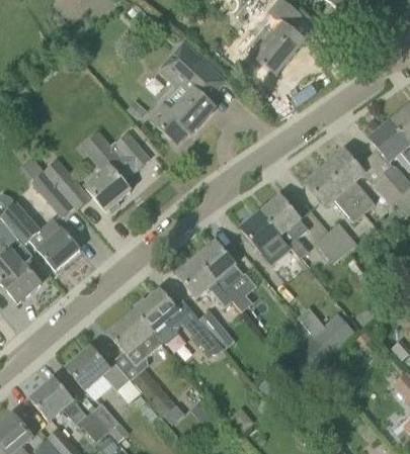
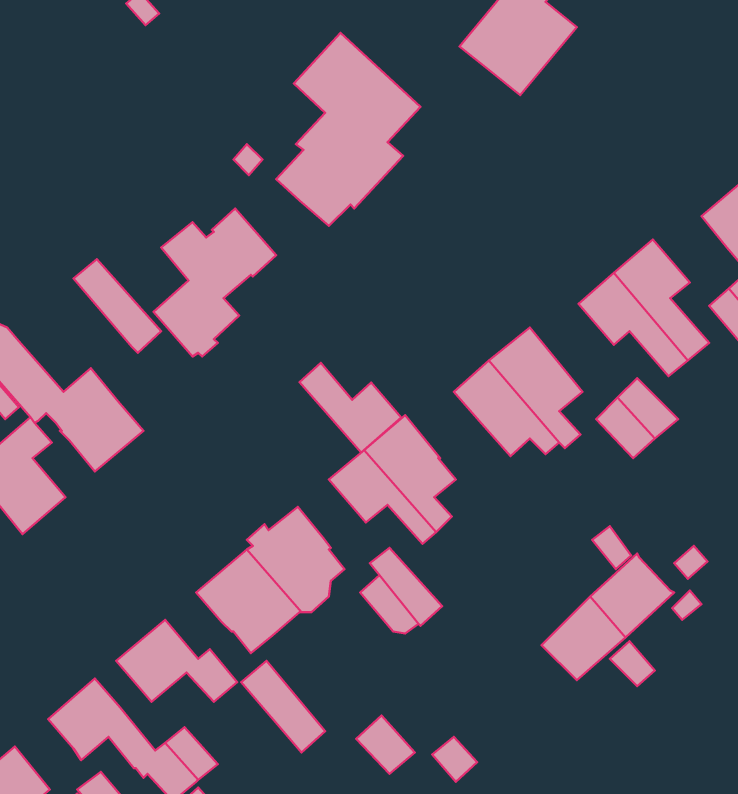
building: [32,170,74,215] -> none
building: none -> [299,363,401,452]

